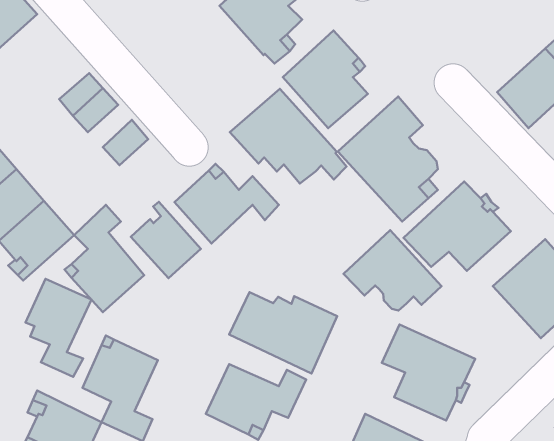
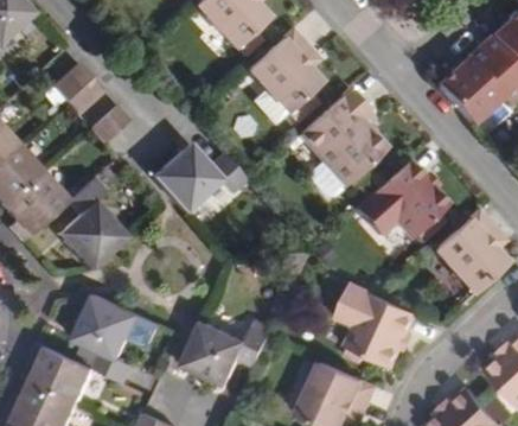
building: [230,89,347,184] -> none
building: [131,202,201,278] -> none
building: [343,230,442,310] -> none
building: [25,279,91,377] -> none
building: [229,292,337,374] -> none

